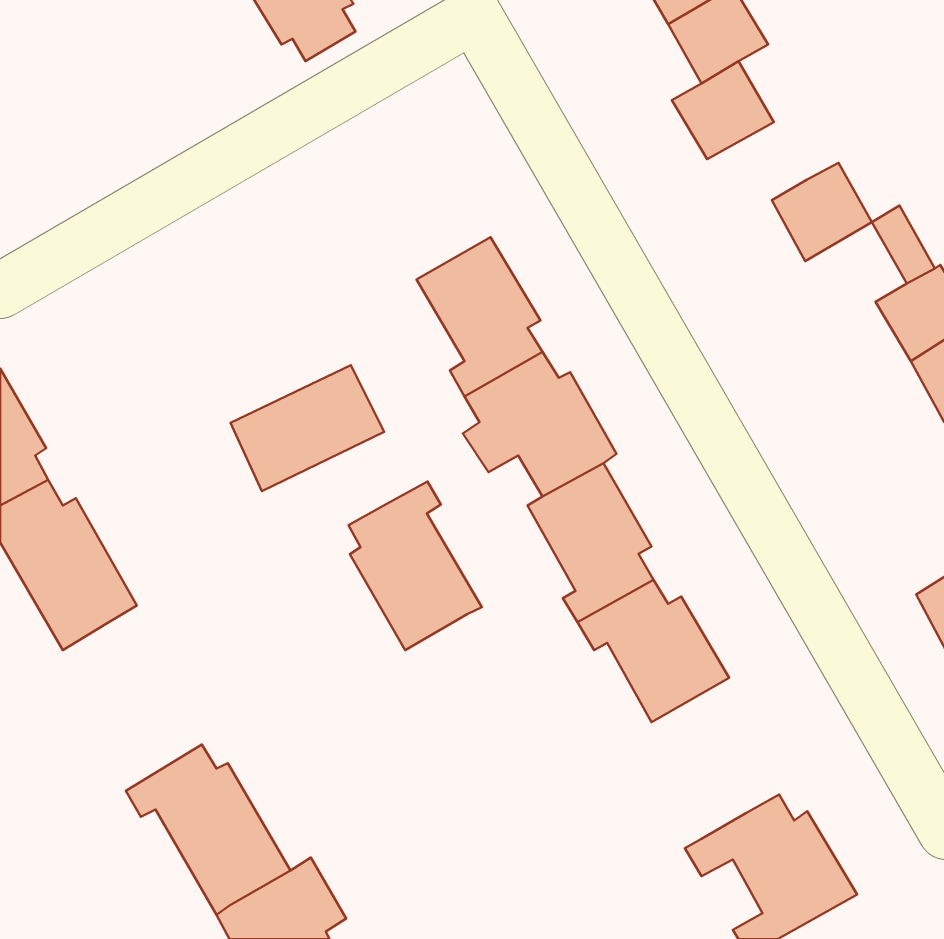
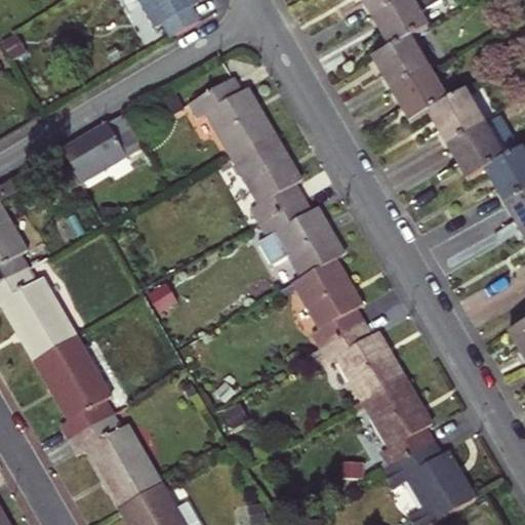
building: none -> [393,68,448,121]
building: none -> [190,75,273,155]
building: none -> [447,123,503,177]
building: [230,365,384,491] -> [63,112,148,181]
building: [348,481,482,650] -> none
building: none -> [36,335,113,438]
building: none -> [362,375,433,465]

